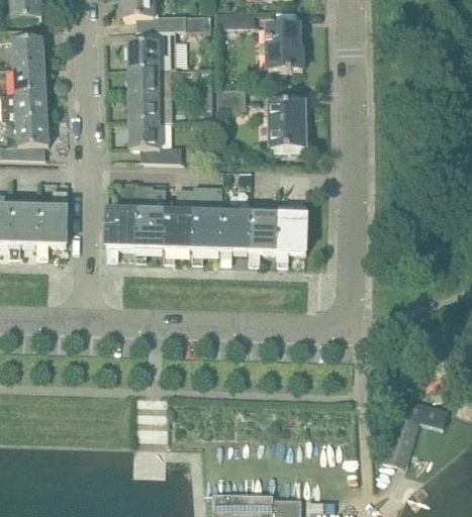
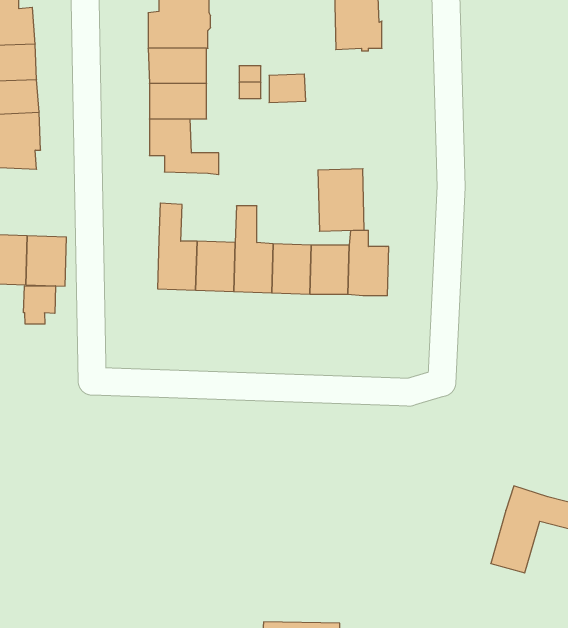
building: [270,100,304,146] -> [318,169,364,231]
building: [106,209,136,246] -> none
building: none -> [24,286,55,324]

